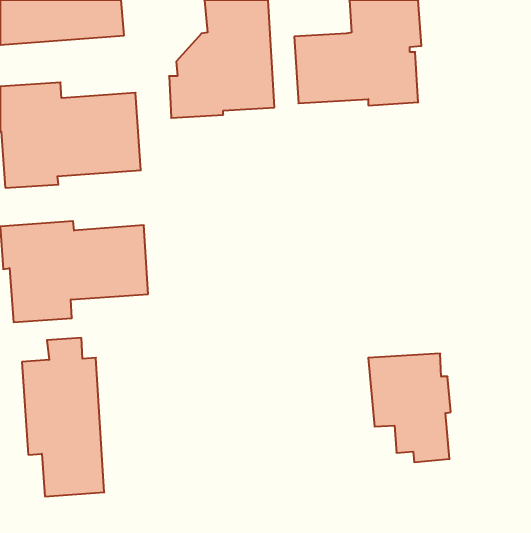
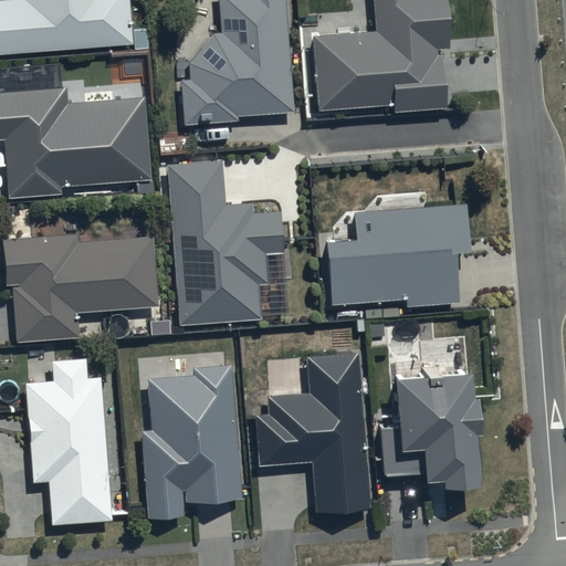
building: none -> [167,163,283,324]
building: none -> [325,207,470,306]
building: none -> [256,356,371,512]
building: none -> [140,368,238,517]

